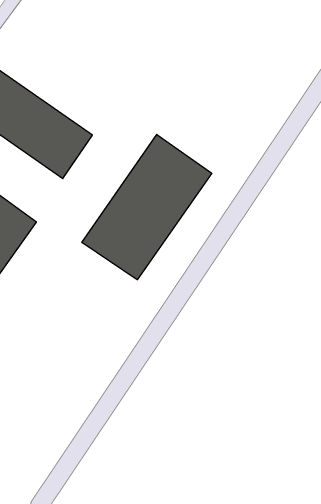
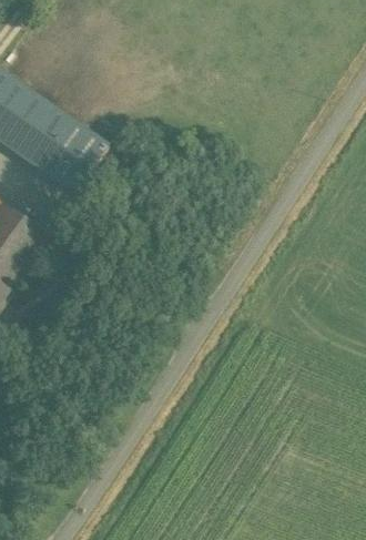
building: [82,134,212,280] -> none

